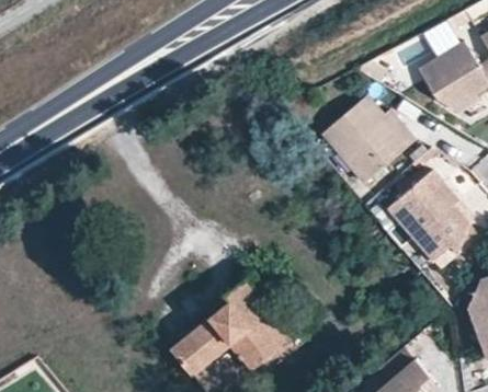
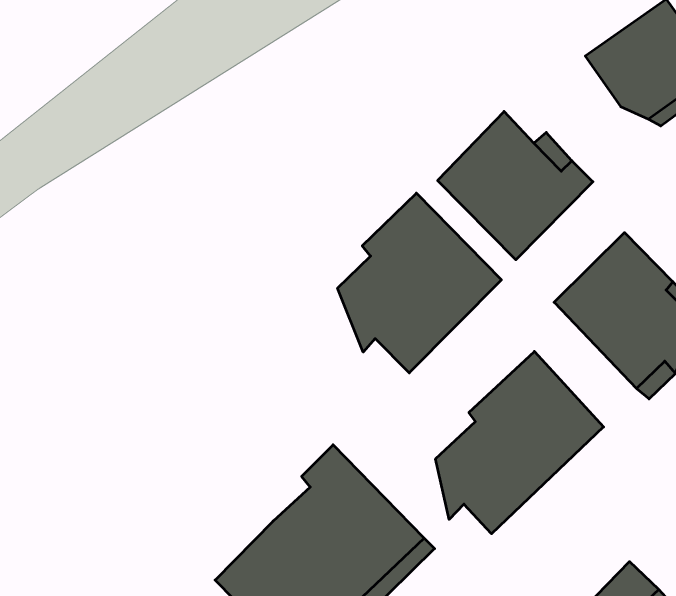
building: none -> [338,193,501,373]
building: none -> [436,351,604,534]

